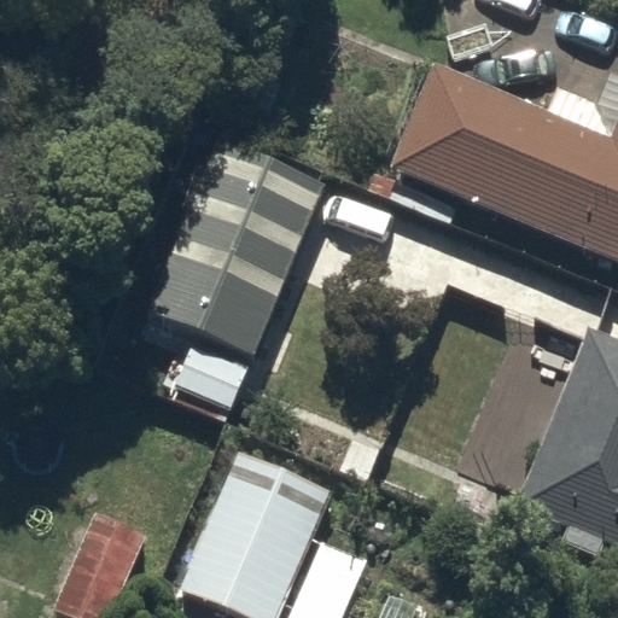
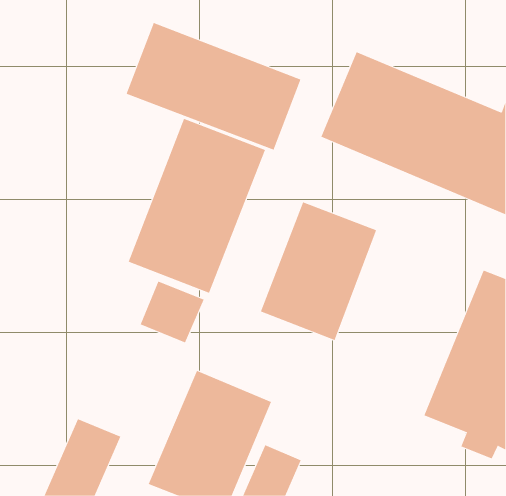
building: none -> [126,22,301,151]
building: none -> [260,202,377,341]

